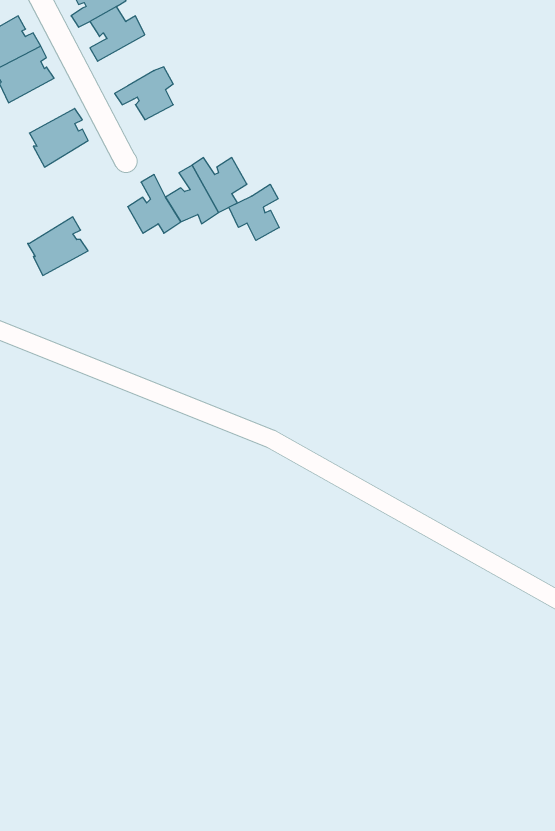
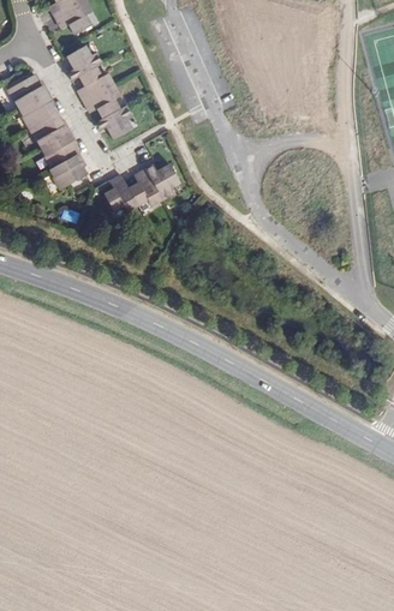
building: none -> [84,85,120,118]
building: none -> [28,113,70,148]
building: [229,184,279,240] -> none
building: [28,217,88,275] -> [49,152,88,190]

